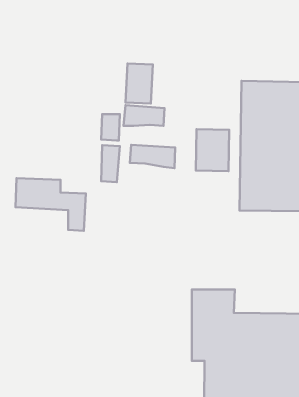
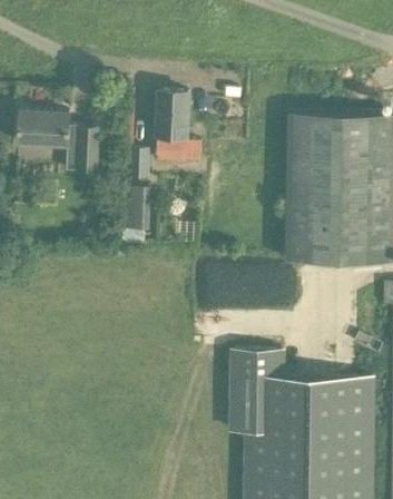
building: [196,129,229,171] -> none
building: [130,145,175,168] -> none
building: [16,178,86,231] -> [17,111,97,172]

